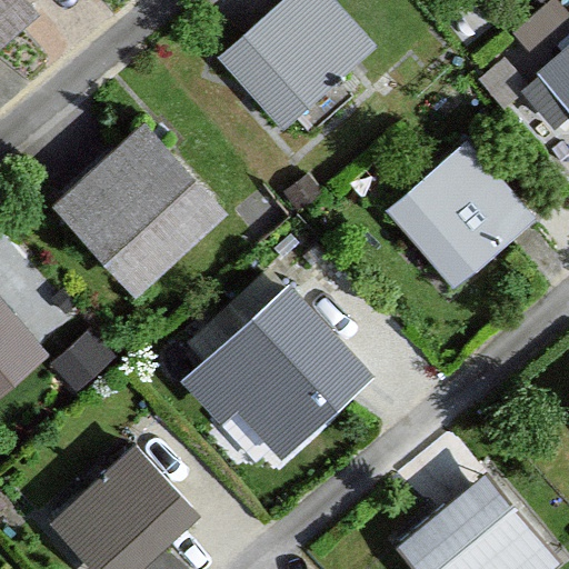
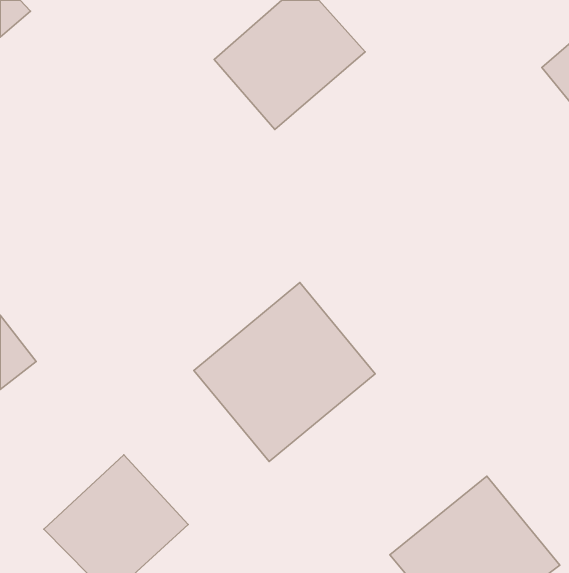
building: [53,121,227,293] -> none
building: [382,143,533,295] -> none

